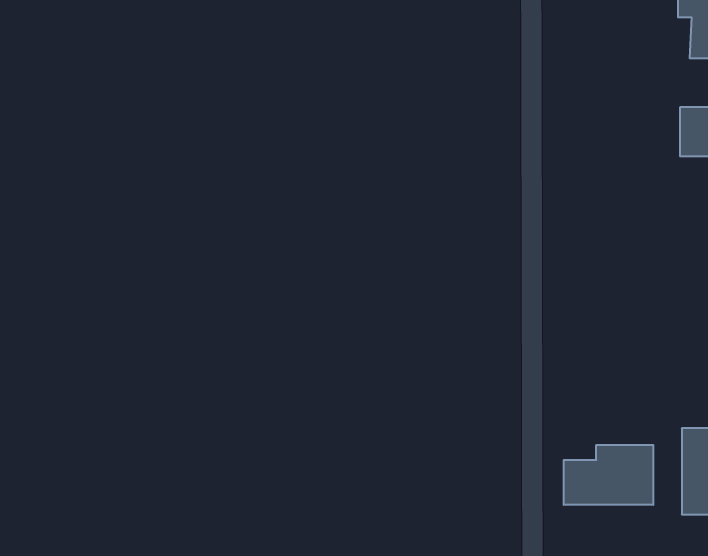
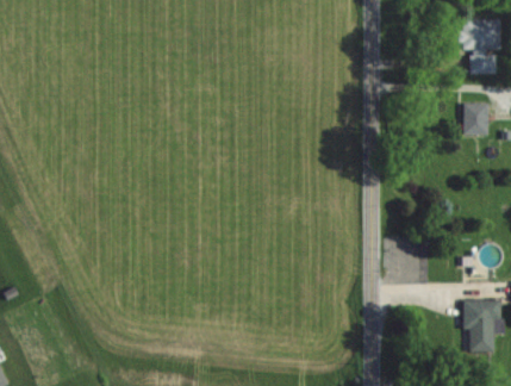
building: [564,445,653,505] -> none

